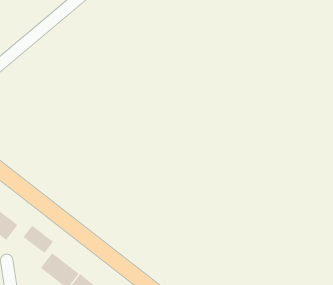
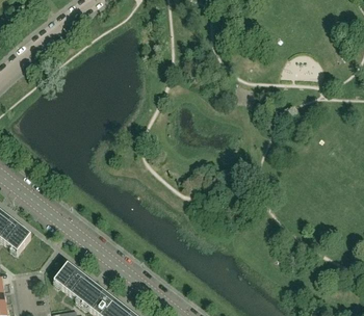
building: [22,224,54,255] -> none

